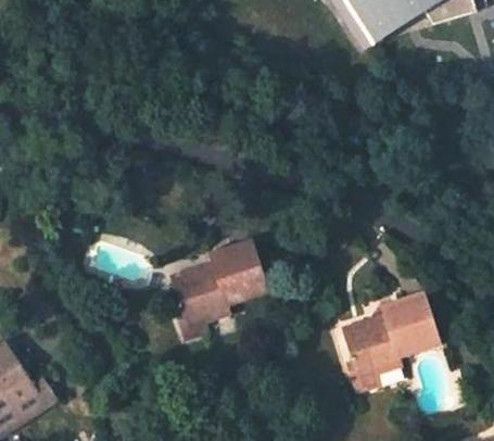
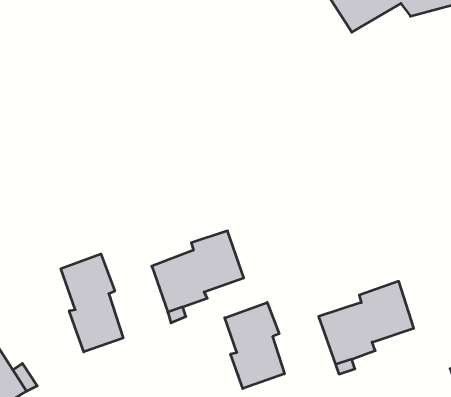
building: none -> [61,254,123,352]
building: none -> [225,302,284,389]

